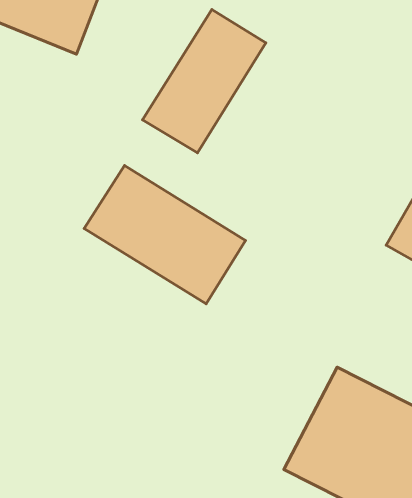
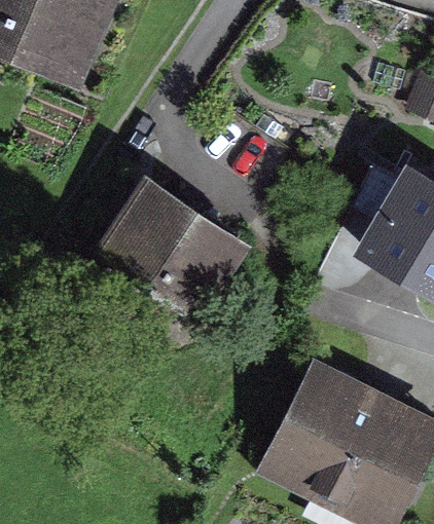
building: [143,9,266,153] -> none

